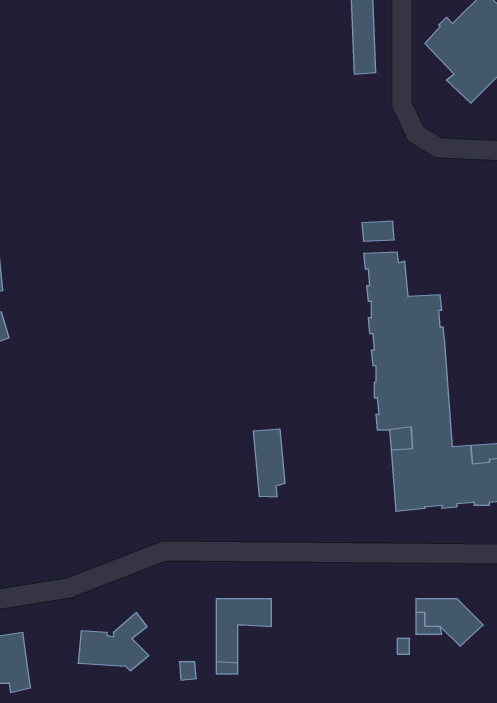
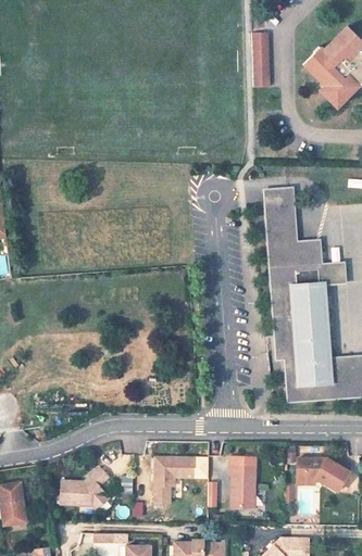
building: none -> [314,252,342,277]
building: [253,429,285,497] -> none
building: none -> [230,466,257,508]

